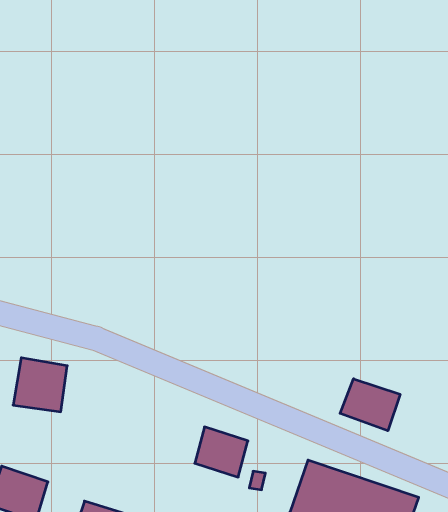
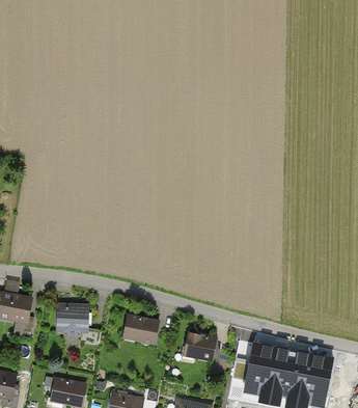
building: [340,379,400,431] -> none
building: none -> [123,314,160,347]

